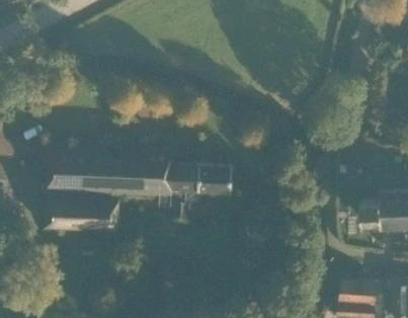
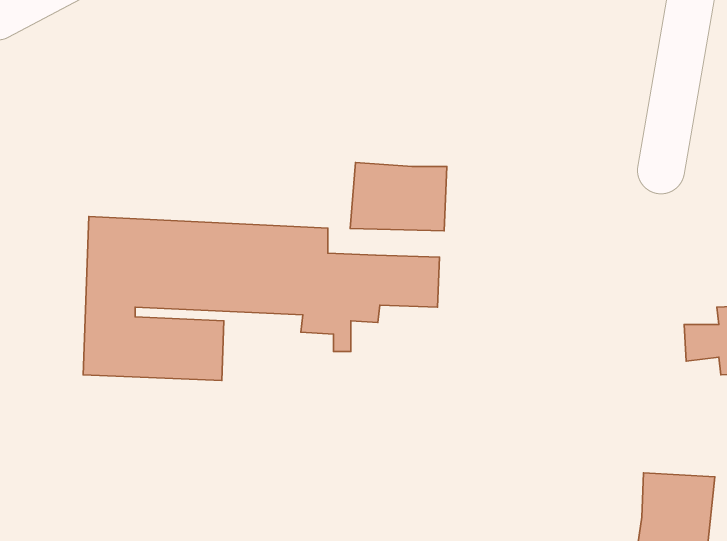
building: none -> [350,162,447,231]

